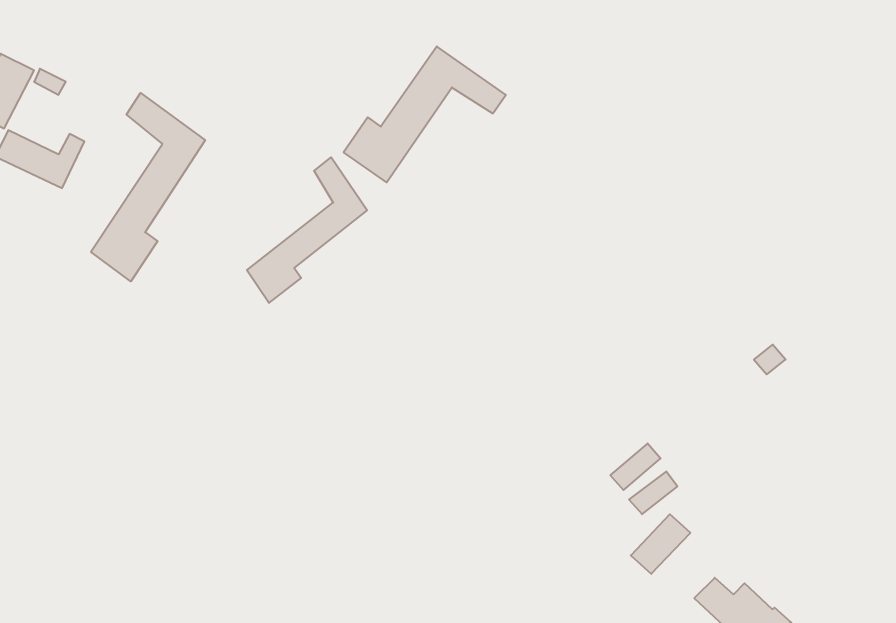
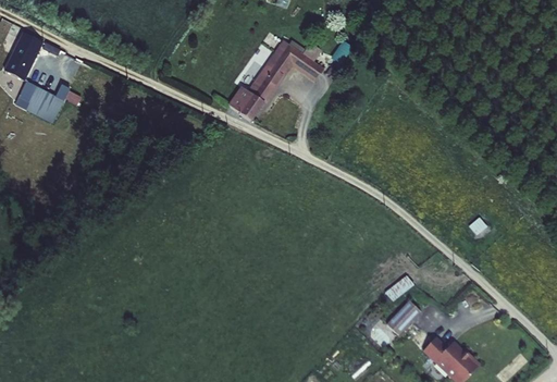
building: [91,93,205,281] -> none
building: [247,157,367,303] -> none

